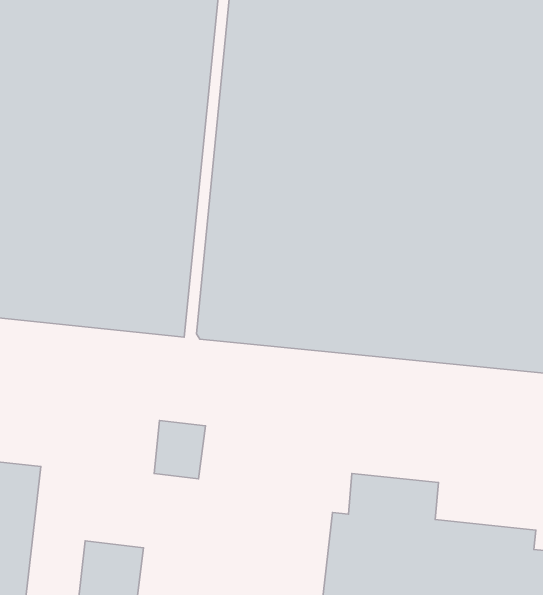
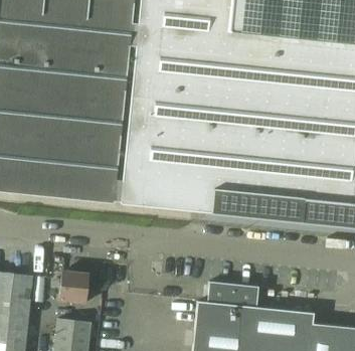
building: [154,420,205,479] -> [60,271,90,304]

